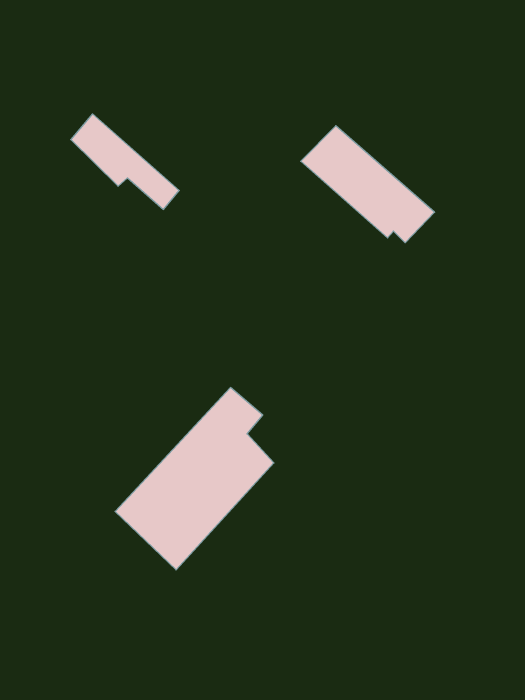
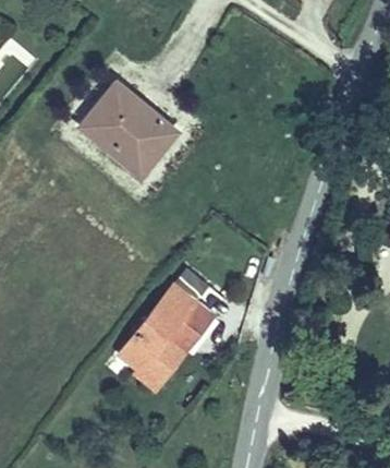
building: [301,126,435,243] -> [94,85,176,153]

